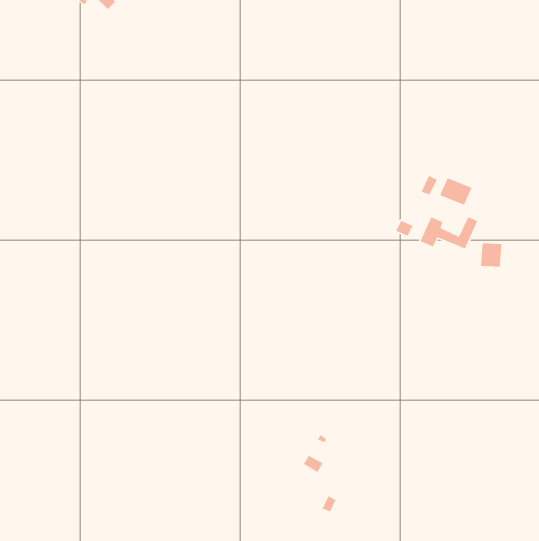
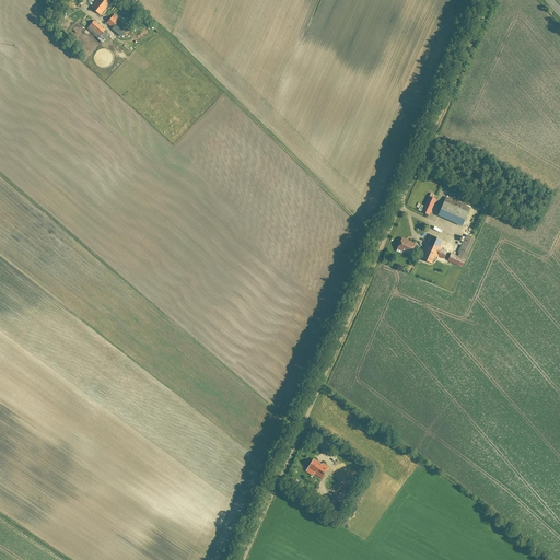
building: [480,242,502,267] -> none

